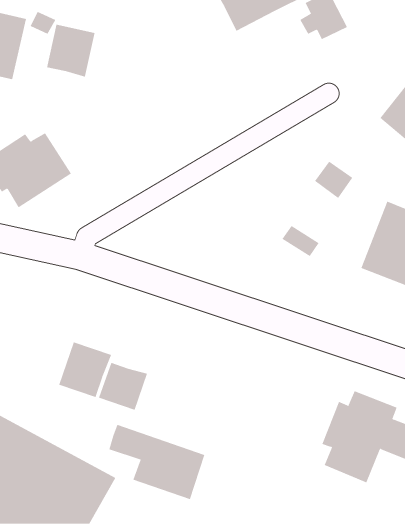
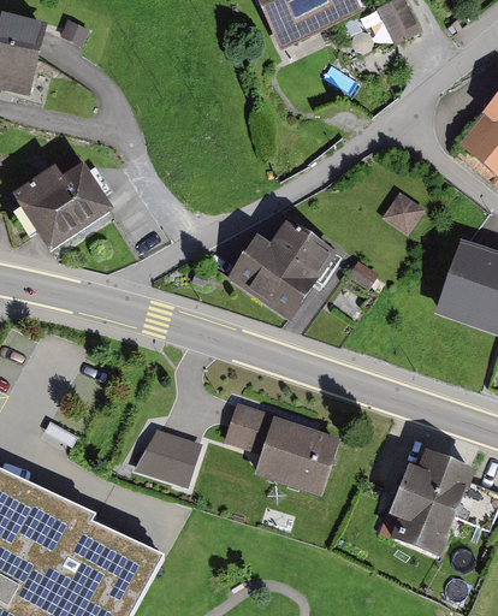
building: [47,24,95,78] -> none
building: none -> [230,218,349,322]
building: [58,341,112,398] -> none
building: [108,424,205,500] -> [225,402,336,488]

